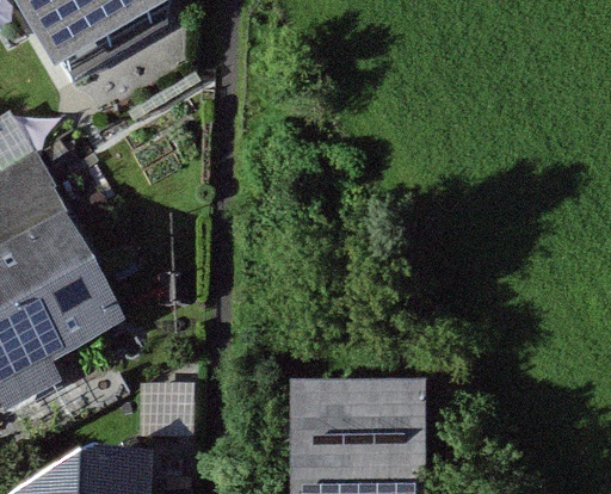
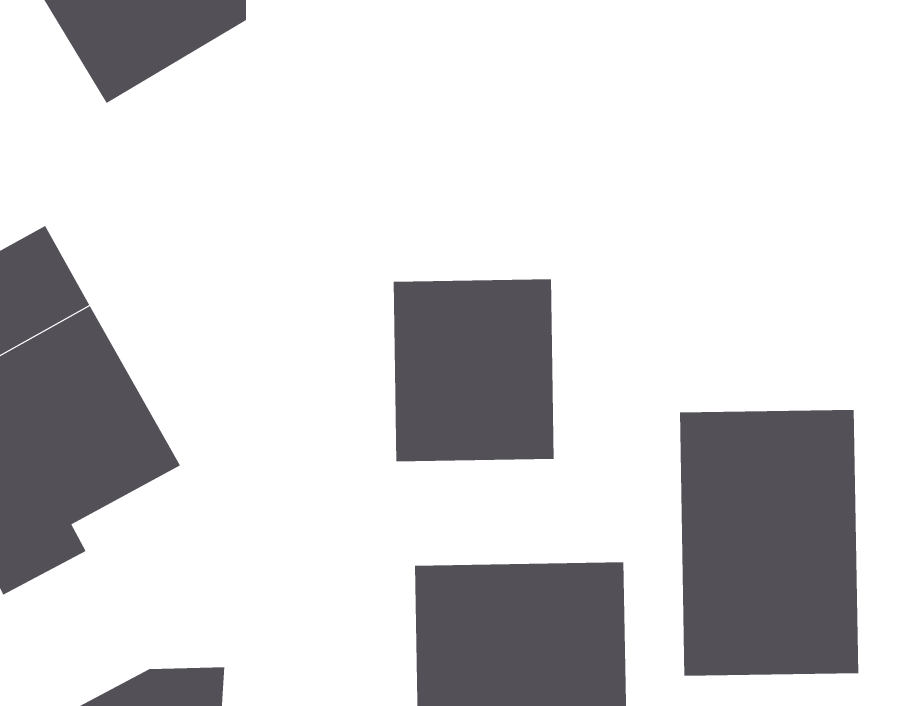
building: none -> [393,278,554,462]
building: none -> [679,409,859,676]

